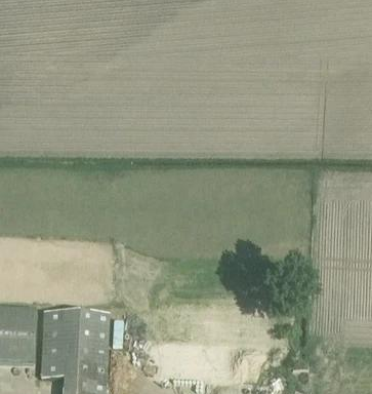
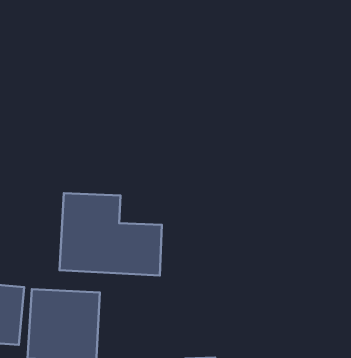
building: none -> [60,193,162,276]

